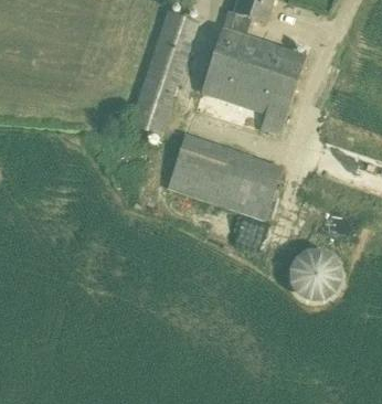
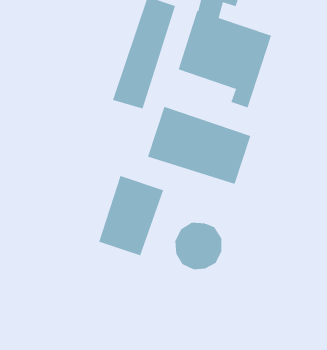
building: none -> [98,175,164,256]
building: [288,248,341,301] -> [175,222,222,270]

